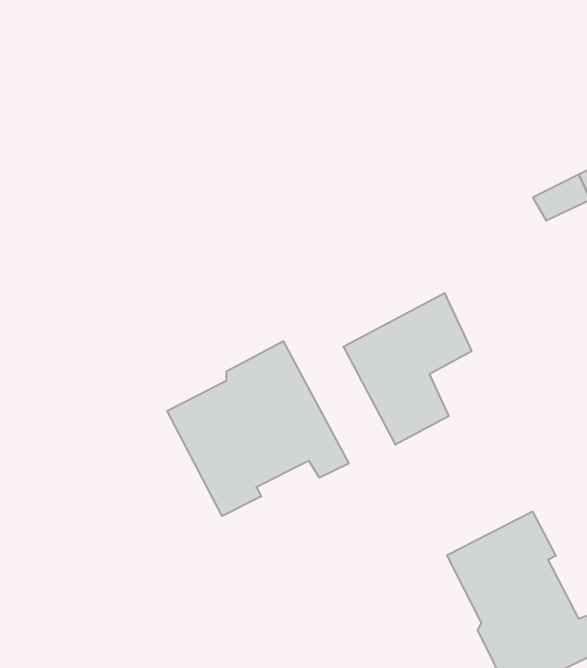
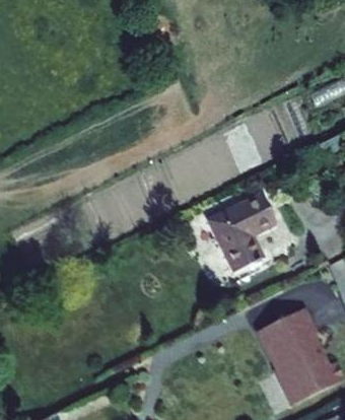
building: [167,341,349,516] -> none

